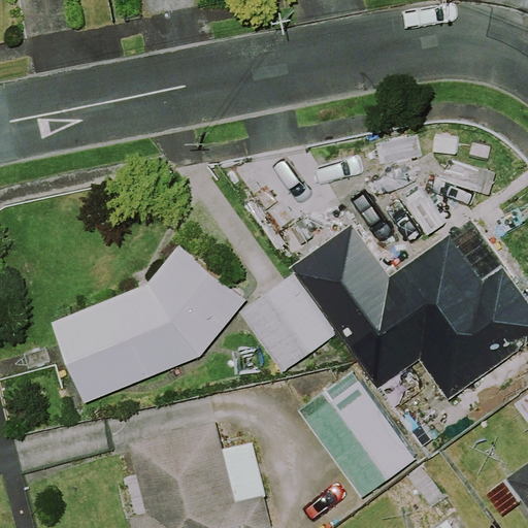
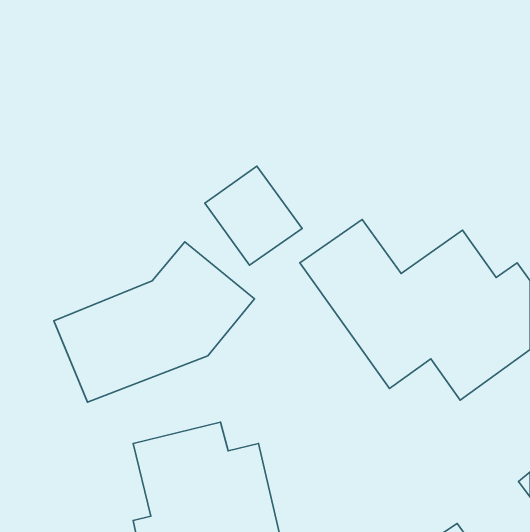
building: [238,275,333,372] -> [205,166,302,265]
building: [298,371,415,497] -> none

